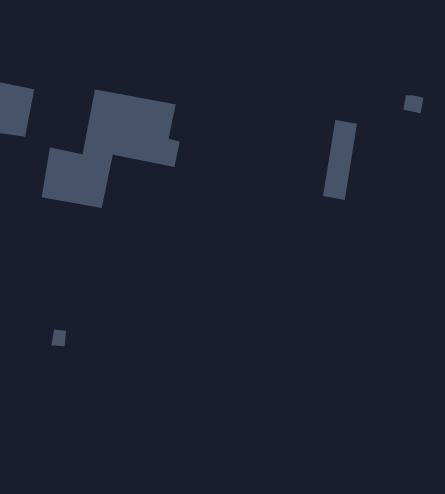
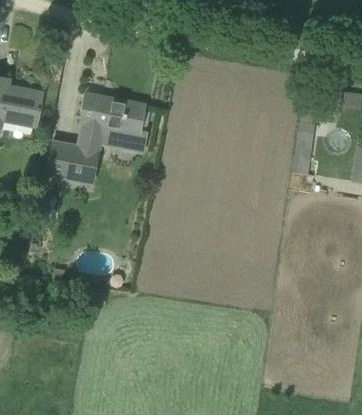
building: [322,120,358,200] -> [291,114,317,173]

